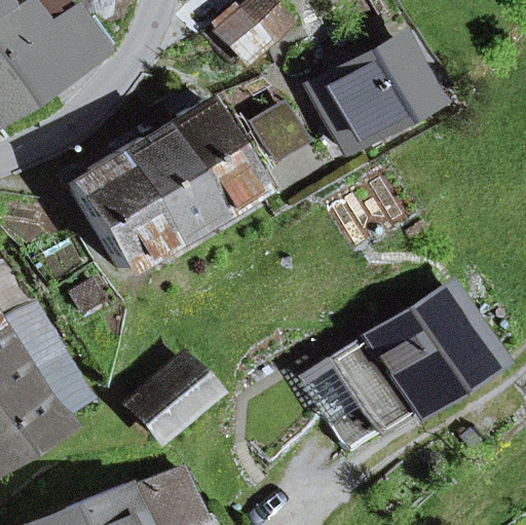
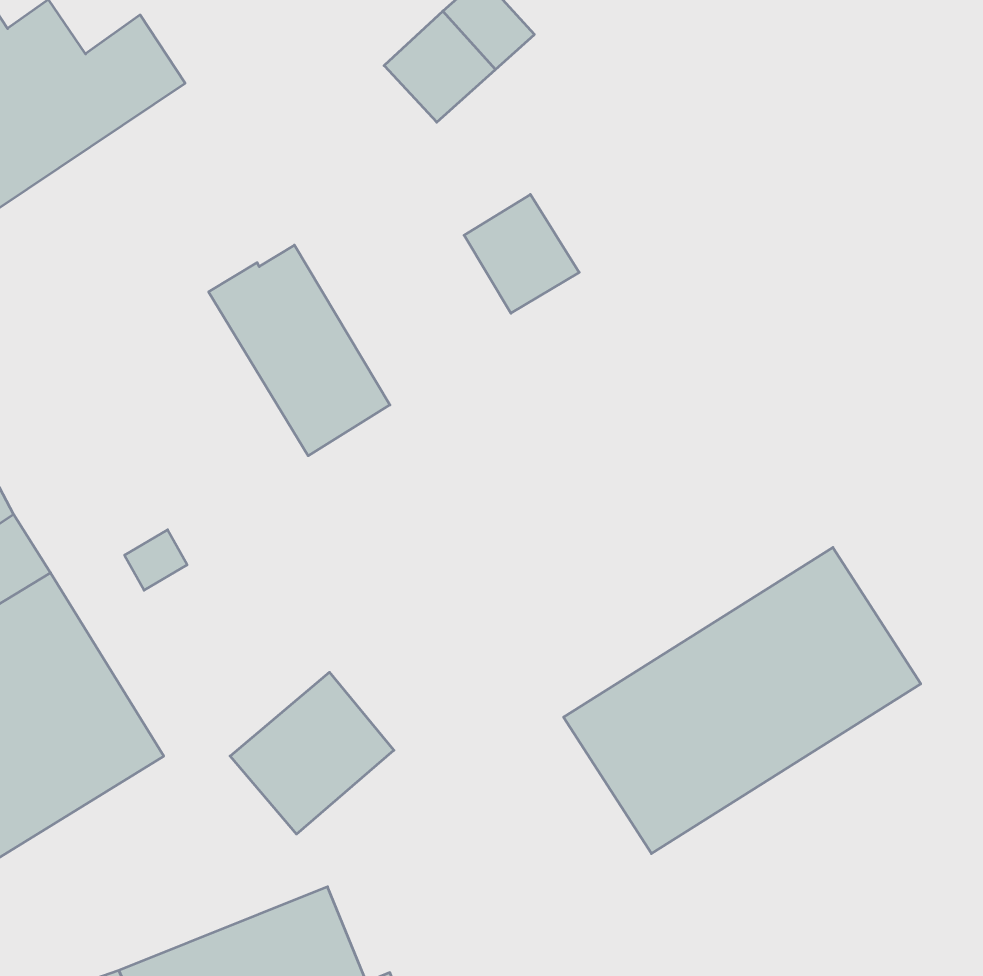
building: [313,41,456,147] -> none
building: [162,101,259,215] -> none
building: [70,155,170,269] -> none

